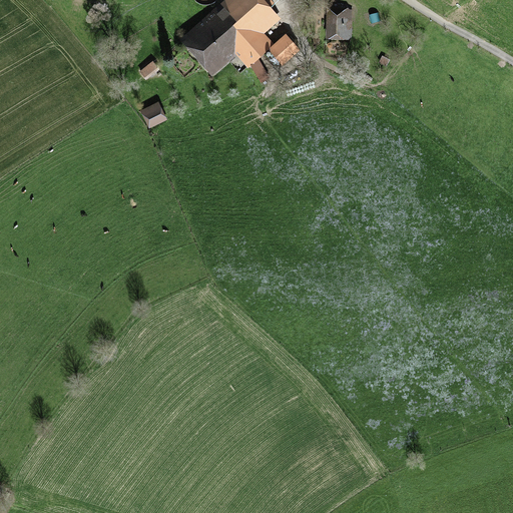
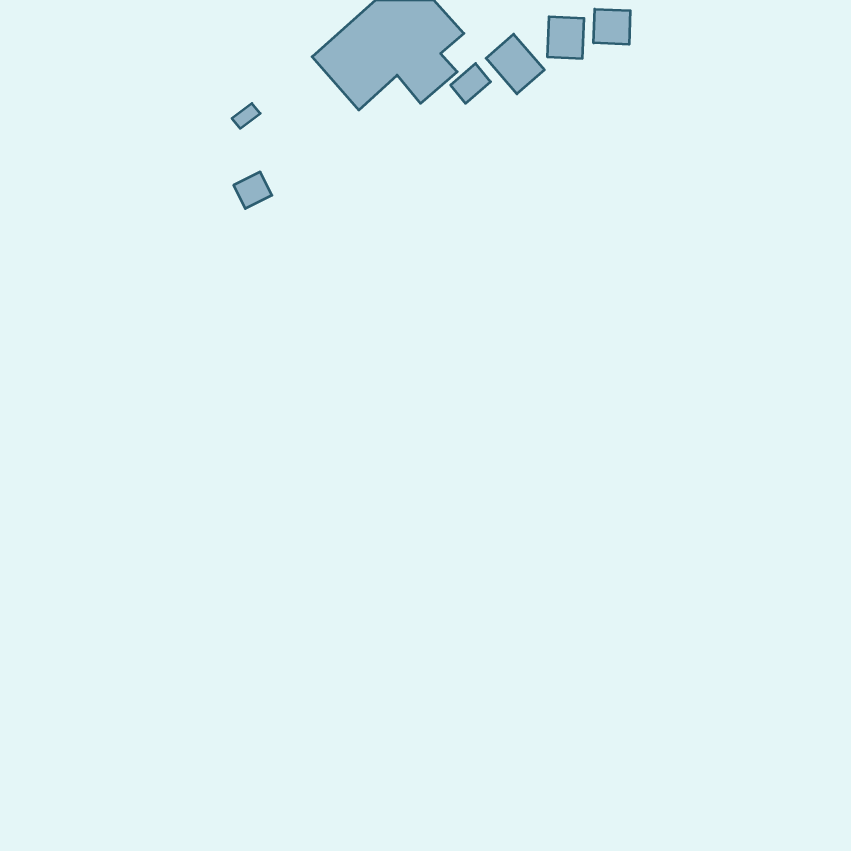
building: none -> [594,9,630,44]
building: none -> [486,34,544,94]

